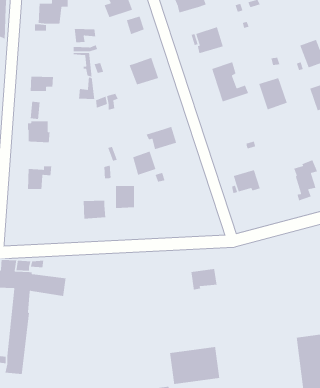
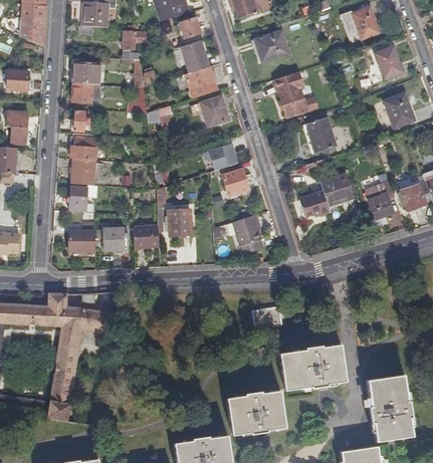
building: none -> [342,7,378,42]
building: none -> [181,40,209,72]
building: none -> [73,66,100,87]
building: [258,77,288,111] -> [302,117,336,154]
building: none -> [192,94,228,126]
building: none -> [71,161,94,187]
building: [132,151,157,176] -> [223,167,250,195]
building: none -> [320,173,354,213]
building: none -> [233,214,262,253]
building: none -> [67,225,94,250]
building: none -> [102,229,124,250]
building: none -> [281,343,347,388]

